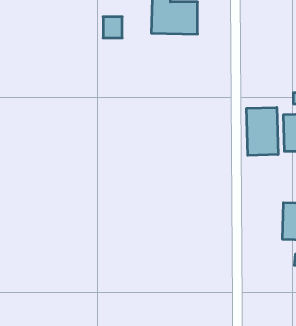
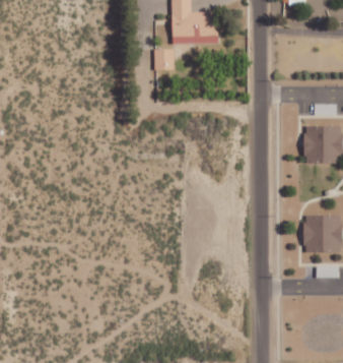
building: [103,17,122,38] -> [154,49,174,70]
building: [247,107,278,155] -> none

